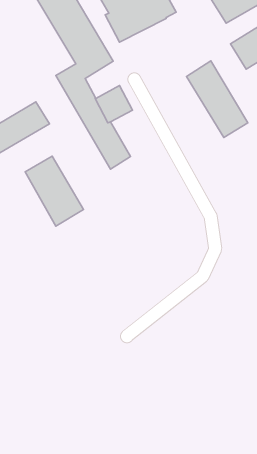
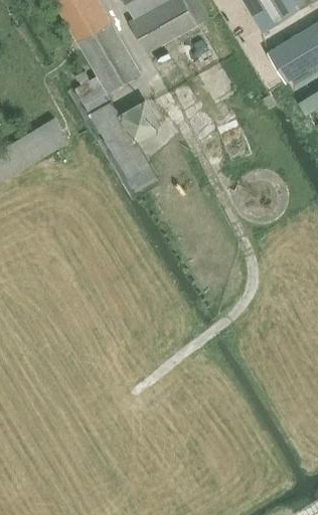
building: [186,61,248,138] -> none
building: [25,156,83,226] -> none

